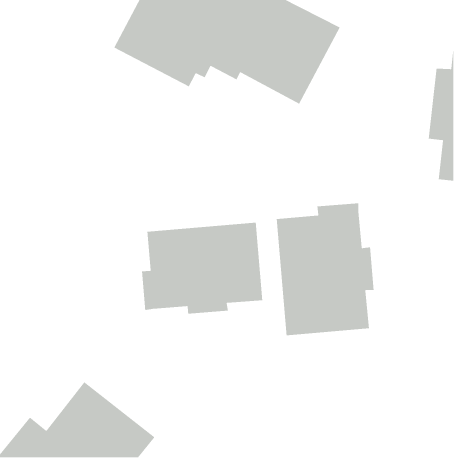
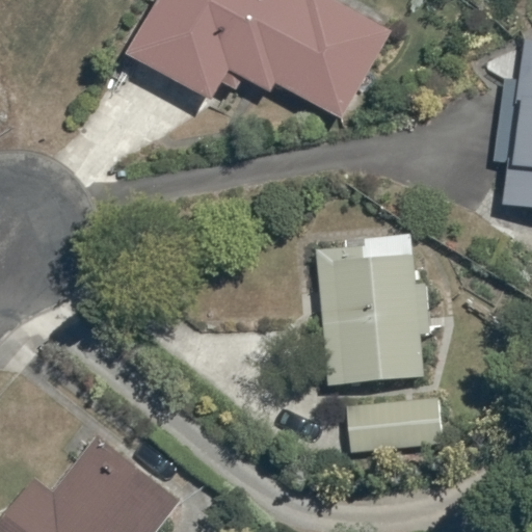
building: [141,222,263,315] -> none
building: none -> [345,397,440,451]

